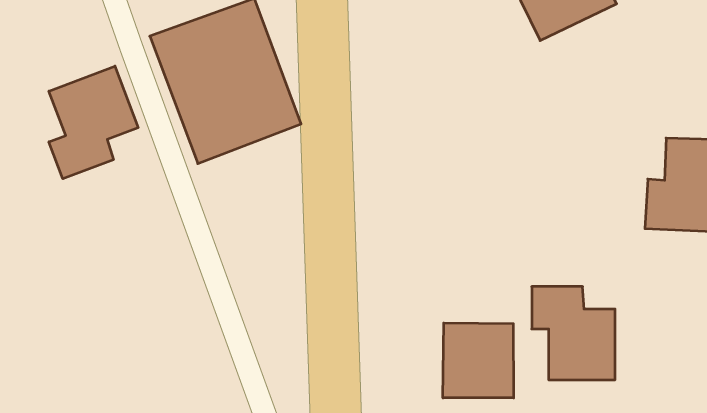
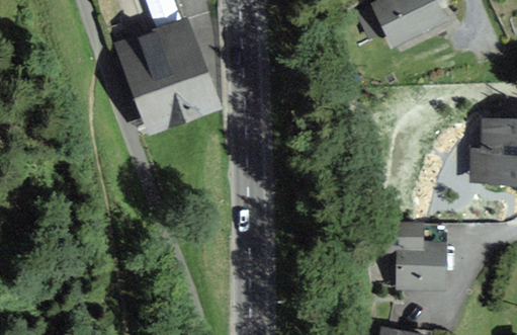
building: [49,66,138,179] -> none
building: [443,323,514,398] -> none

